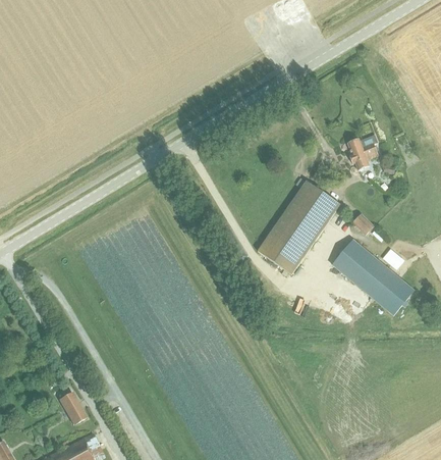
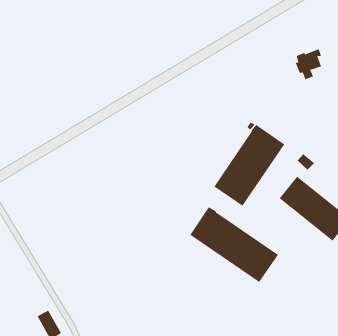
building: [346,135,377,170] -> [295,49,322,80]
building: none -> [189,206,279,283]

